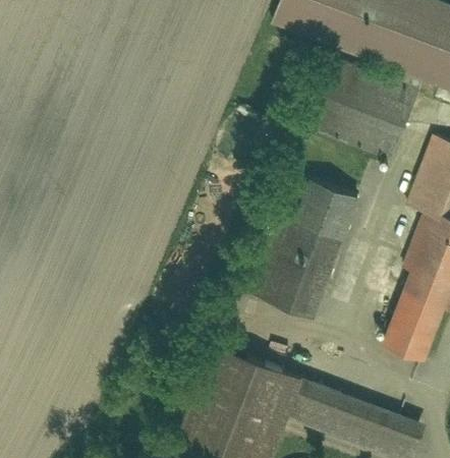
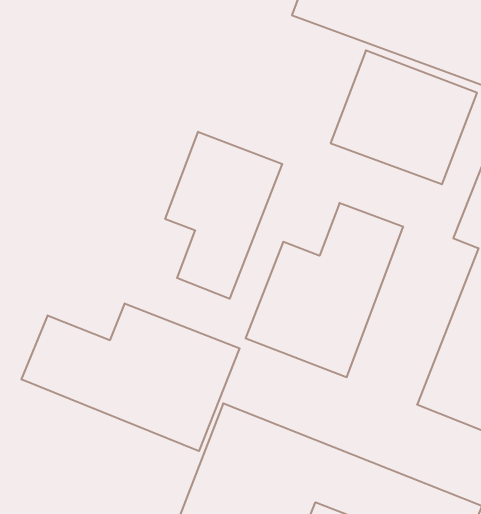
building: none -> [165,132,282,299]
building: none -> [22,303,240,451]

